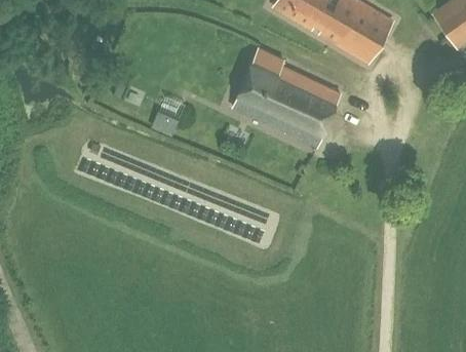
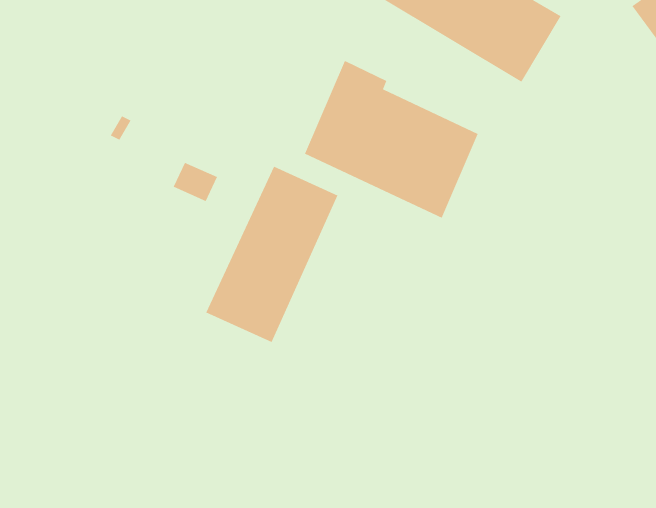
building: none -> [206,166,338,343]

